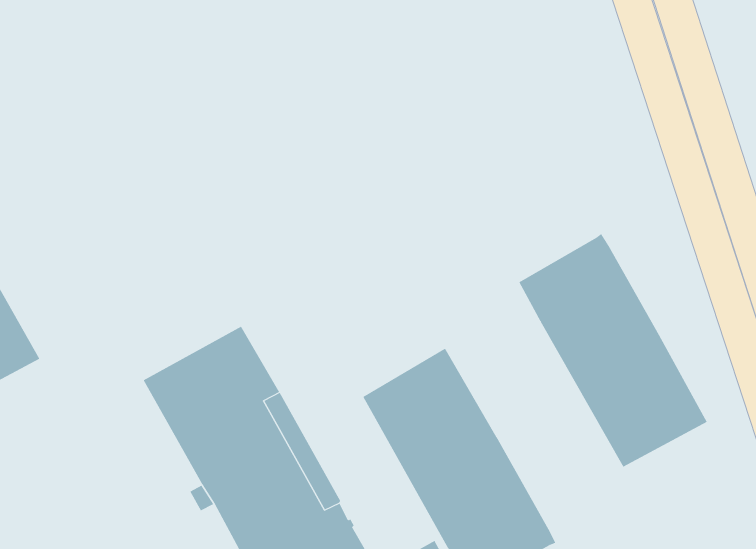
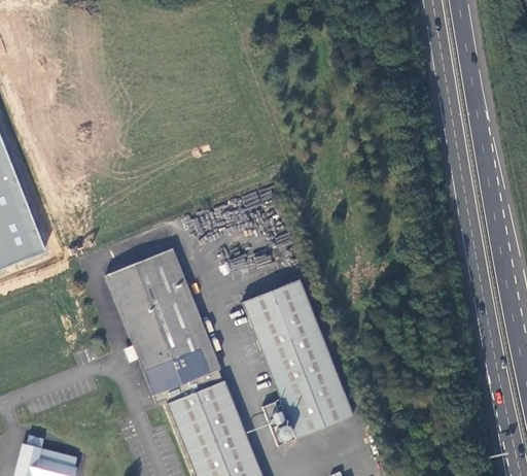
building: [518,233,707,467] -> none

